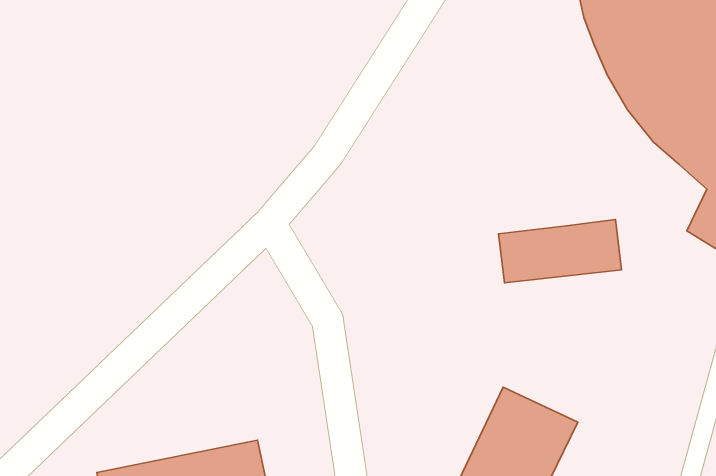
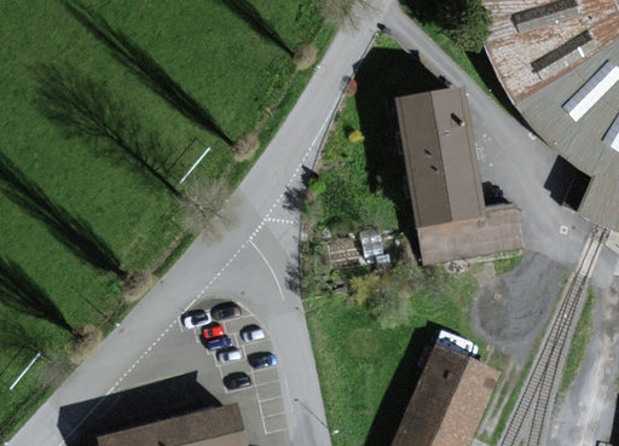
building: none -> [399,95,478,224]

